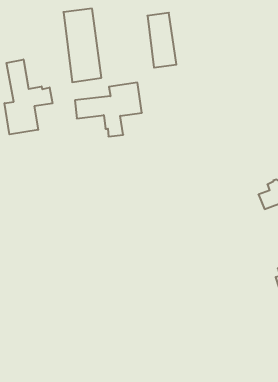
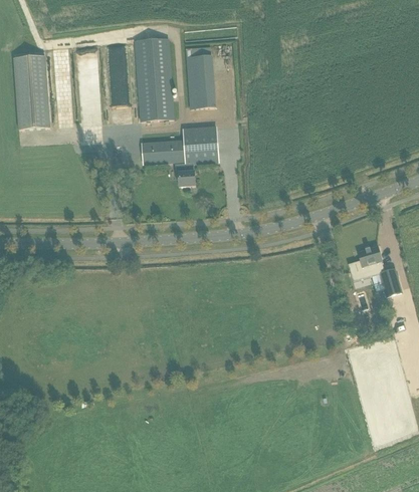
building: [147,13,176,68] -> [185,45,215,107]
building: [5,59,52,134] -> none

